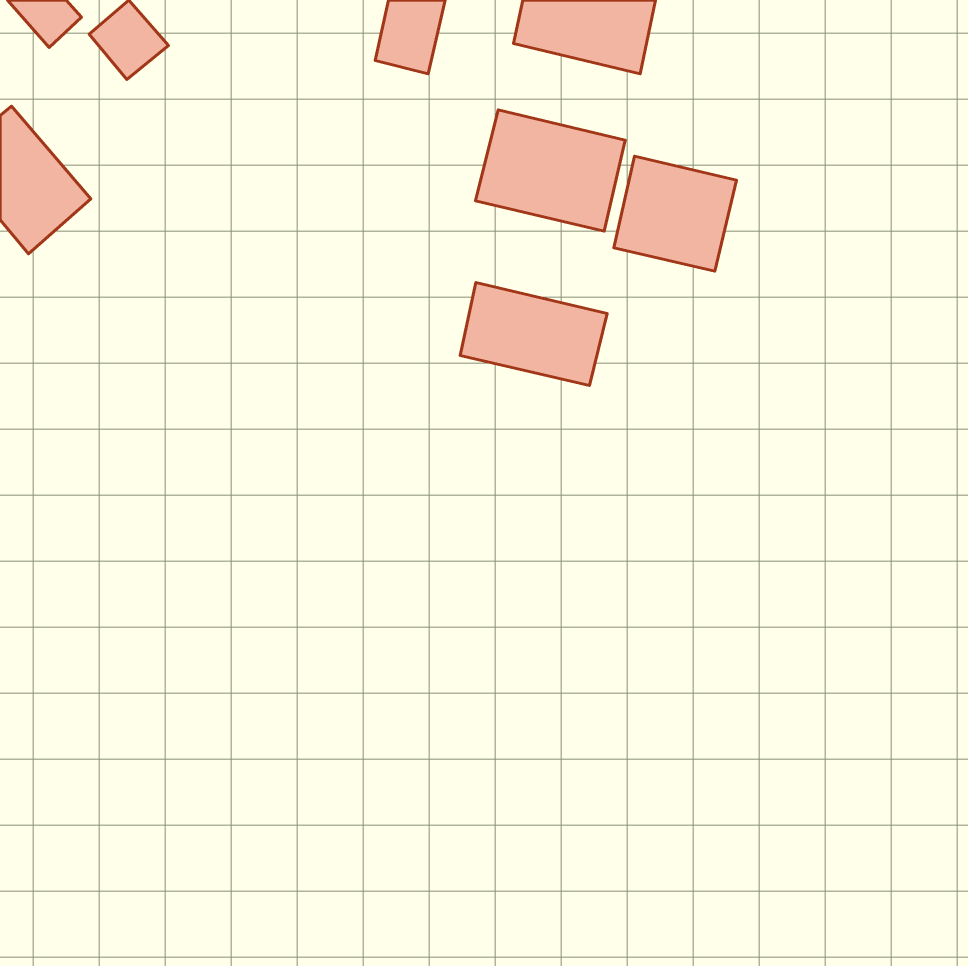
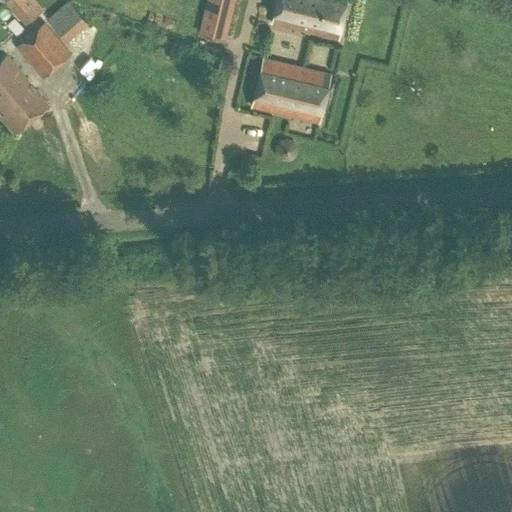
building: none -> [16,23,70,78]
building: [614,156,737,271] -> none
building: [460,283,607,386] -> none

